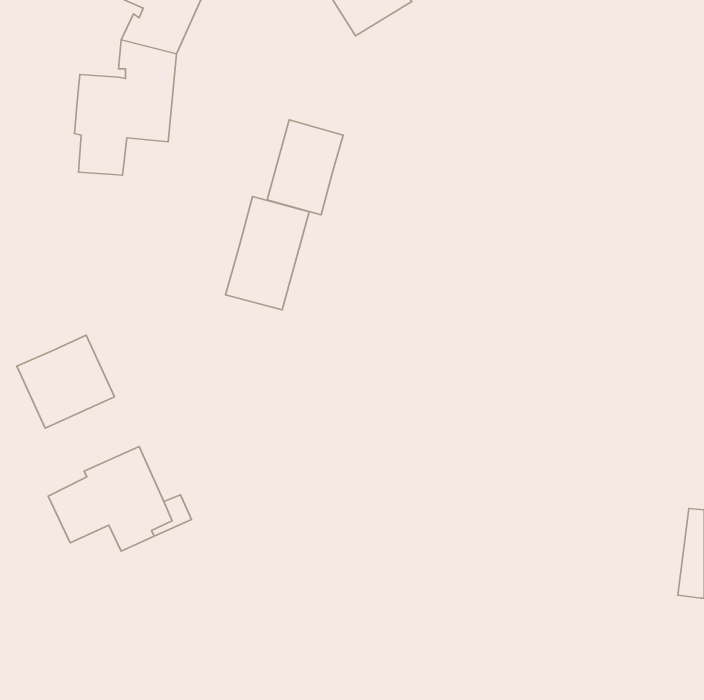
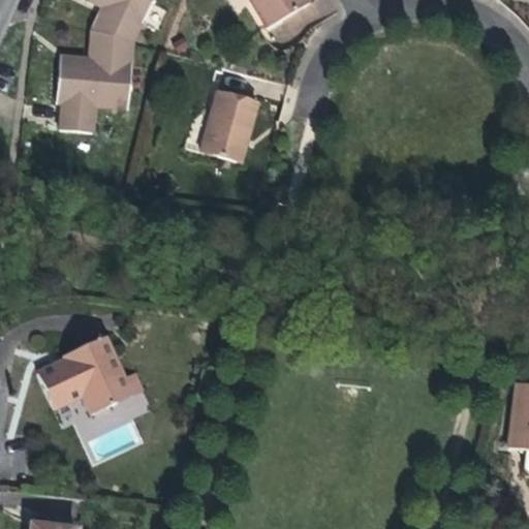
building: [226,197,309,310] -> none
building: [17,335,114,428] -> none

